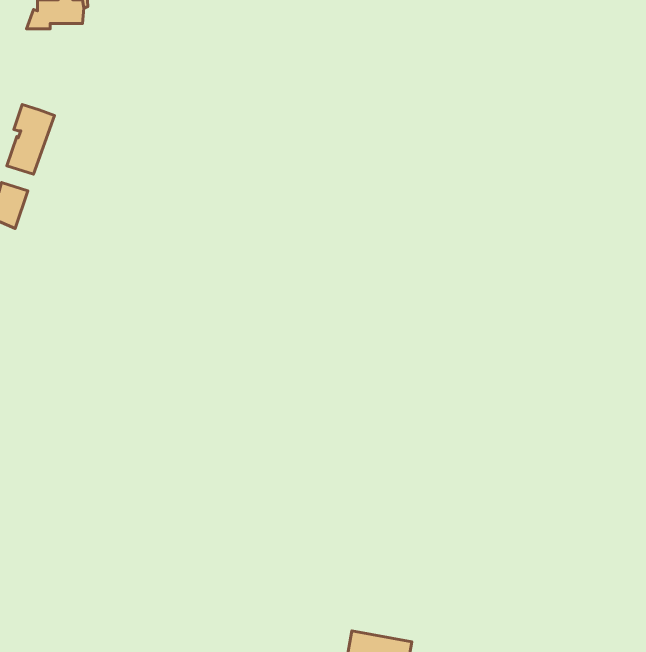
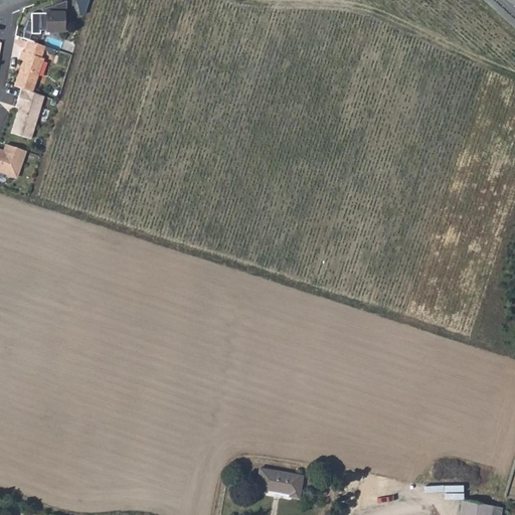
building: none -> [15,40,48,93]

